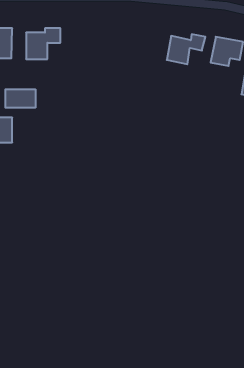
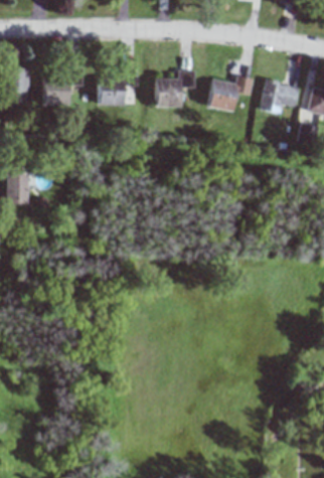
building: none -> [100,67,138,105]
building: none -> [156,69,196,107]
building: [5,89,35,108] -> none

